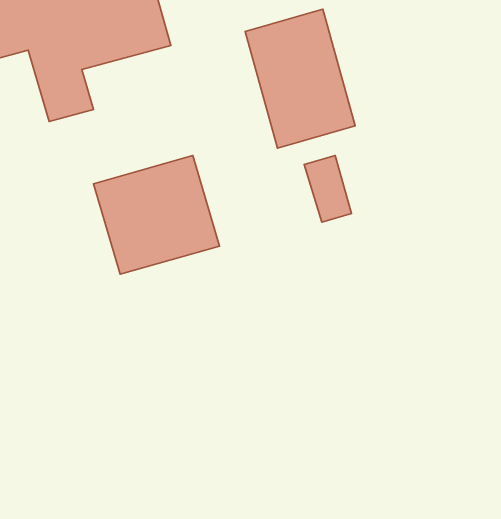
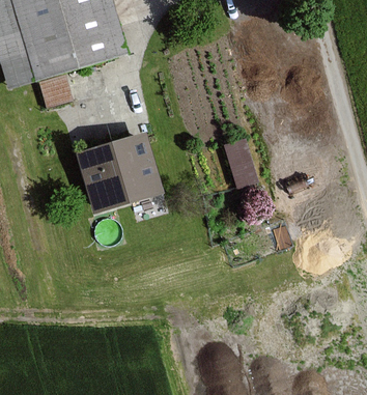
building: [245,9,355,148] -> none

